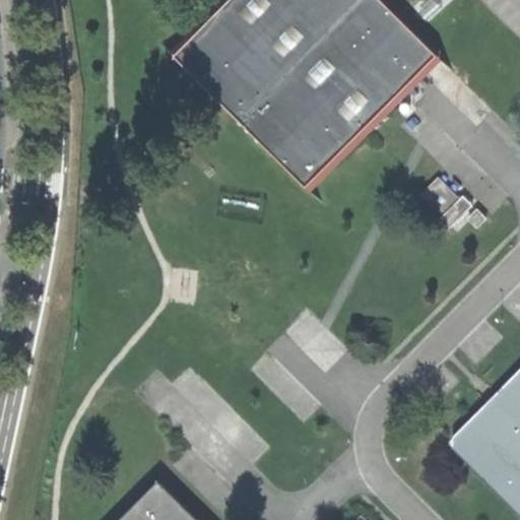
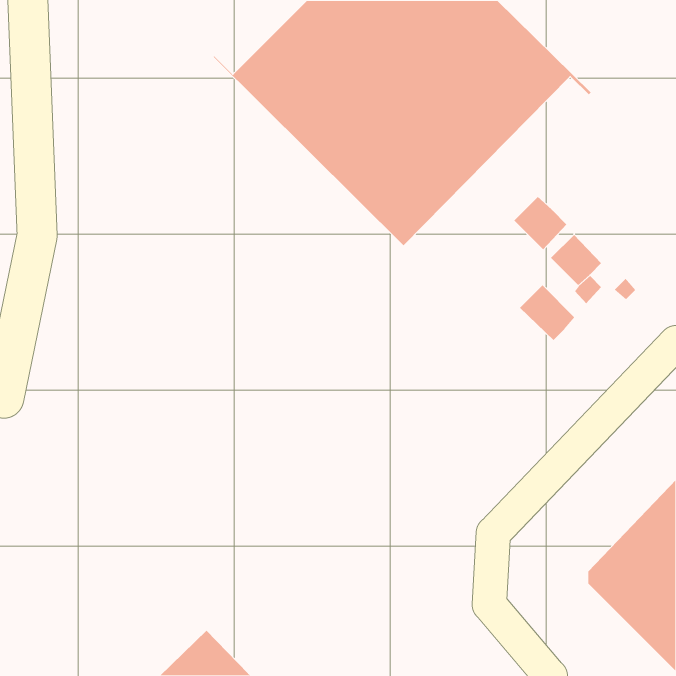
building: none -> [513,196,567,250]
building: none -> [519,285,575,341]

